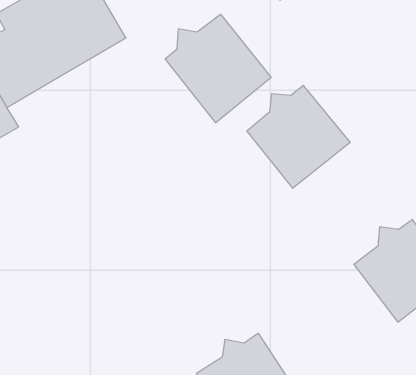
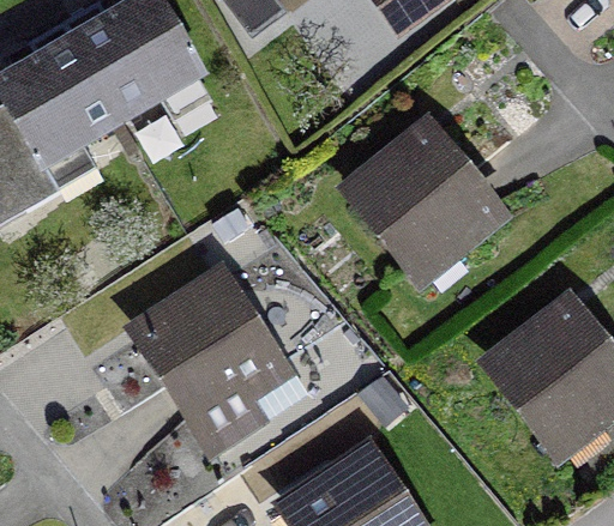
building: [165,14,271,123] -> none
building: none -> [143,286,276,448]

